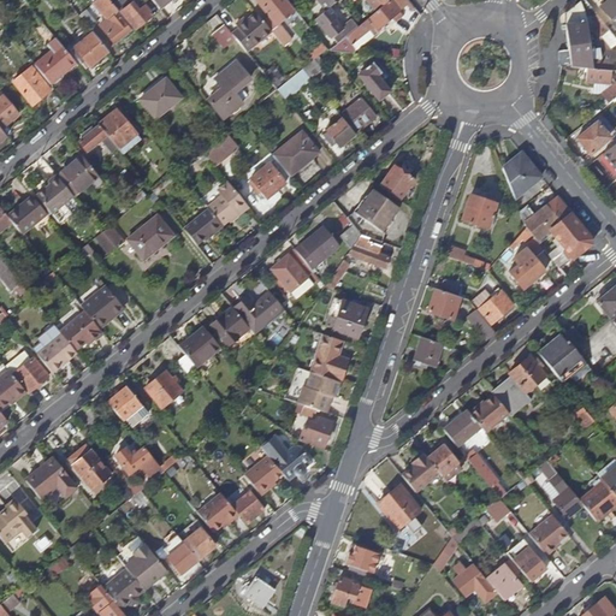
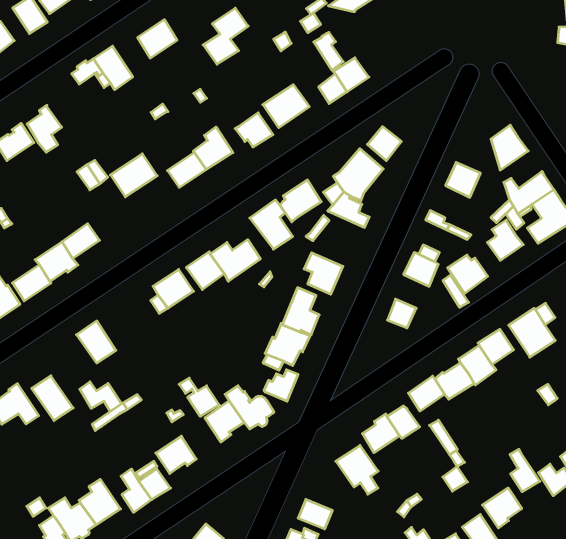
building: [359,63,390,100] -> [314,32,343,70]
building: [57,155,99,196] -> none
building: [146,369,182,407] -> none
building: [223,485,265,522] -> [179,378,219,416]

